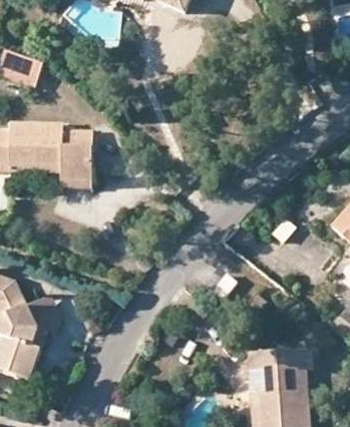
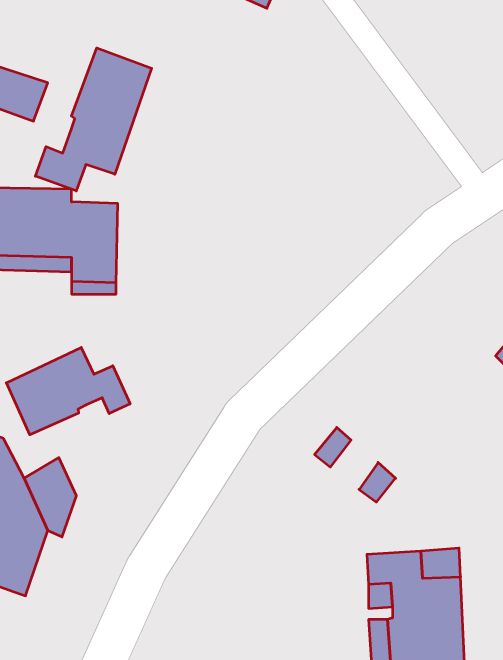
building: none -> [35,48,152,191]
building: none -> [6,347,130,435]

